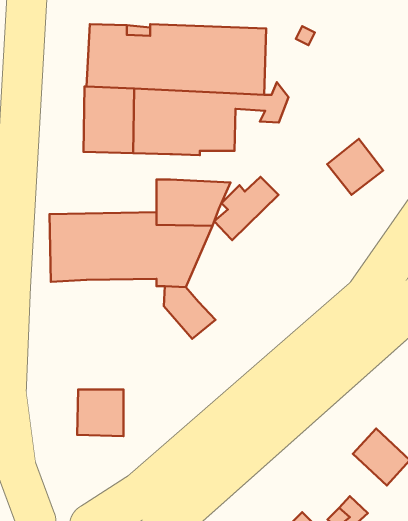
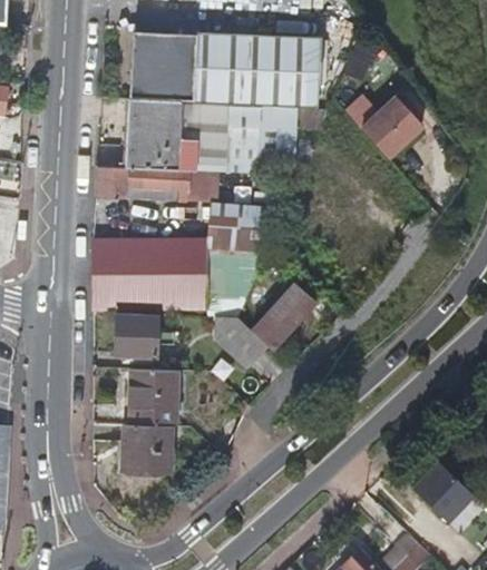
building: [327,139,383,195] -> [354,95,413,154]
building: none -> [95,170,220,203]
building: [214,177,279,240] -> [250,283,318,350]
building: none -> [116,315,174,361]
building: none -> [130,365,174,422]

